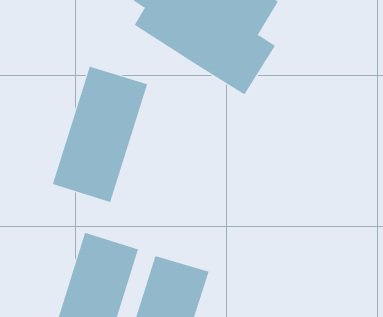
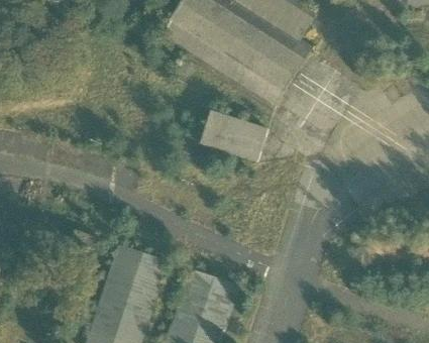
building: [52,66,148,203] -> none
building: none -> [200,110,257,159]

